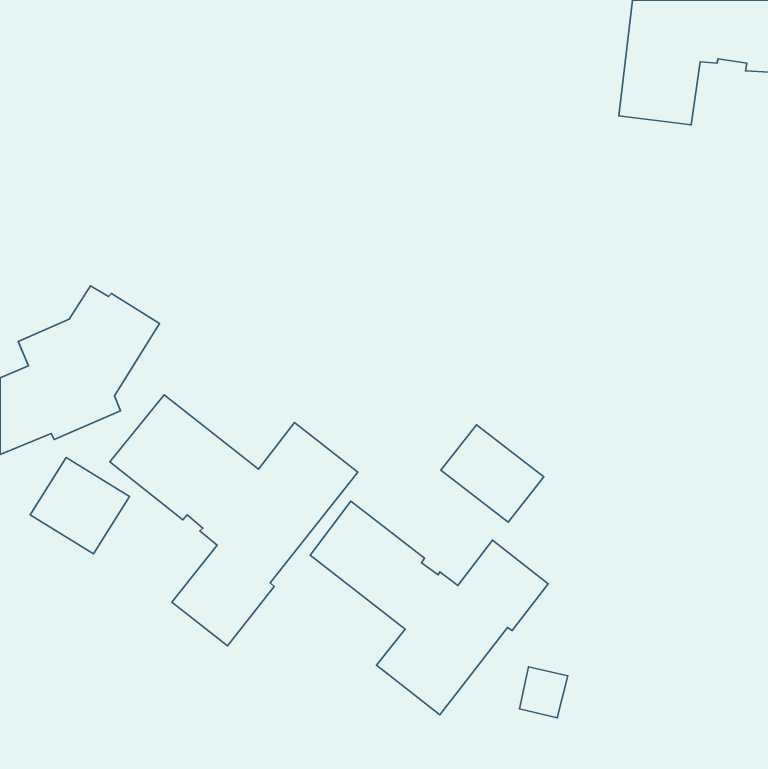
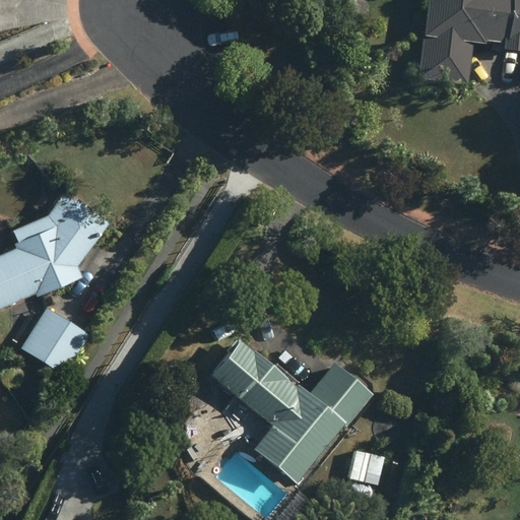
building: [110,395,358,646] -> none
building: [441,425,544,522] -> none

